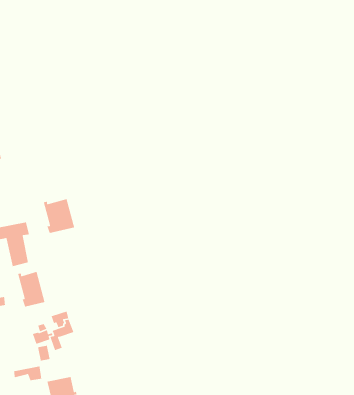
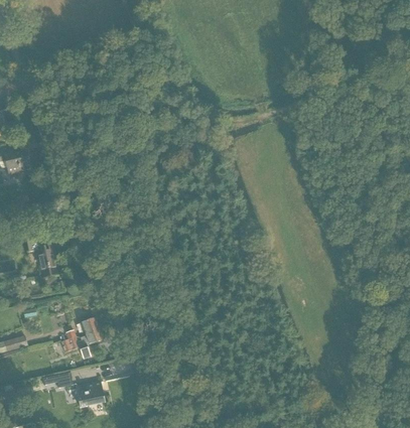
building: [43,198,75,234] -> none
building: [17,271,46,307] -> none

